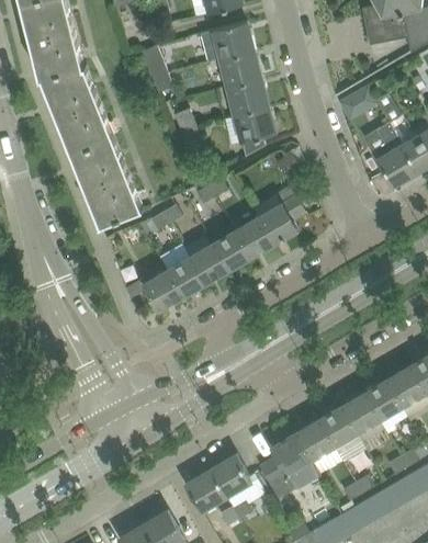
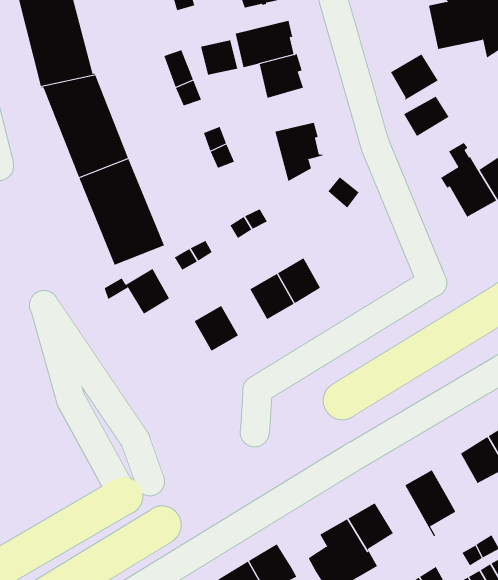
building: none -> [201,39,238,76]
building: none -> [390,54,438,101]
building: [226,78,266,115] -> none
building: [257,189,302,245] -> none
building: [189,246,226,284] -> none
building: [125,272,180,310] -> [104,268,170,315]
building: [363,382,401,420] -> none
building: [316,408,364,463] -> none

